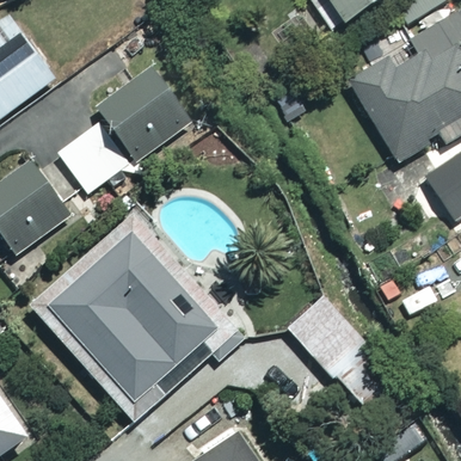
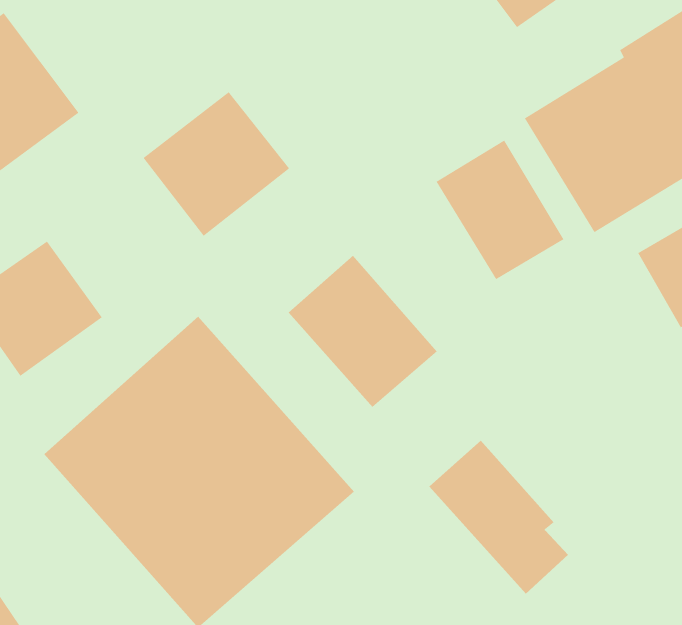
building: none -> [435,139,565,280]
building: [57,124,128,195] -> none
building: none -> [288,255,438,408]

